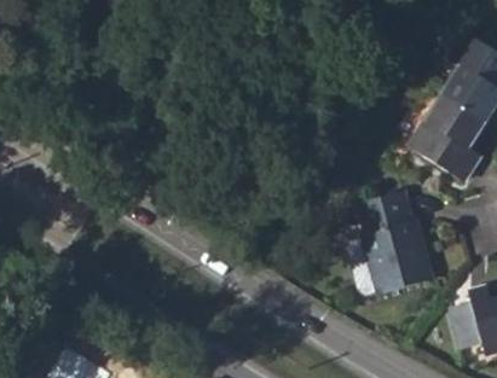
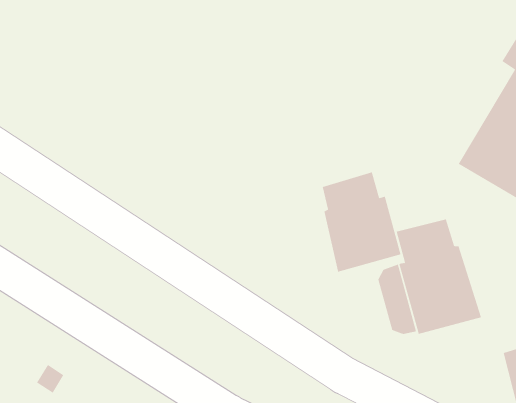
building: none -> [322,172,401,273]

